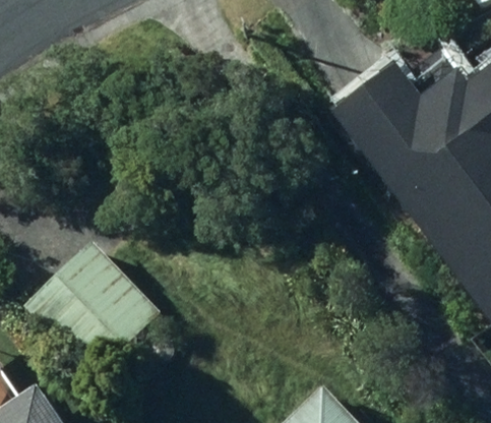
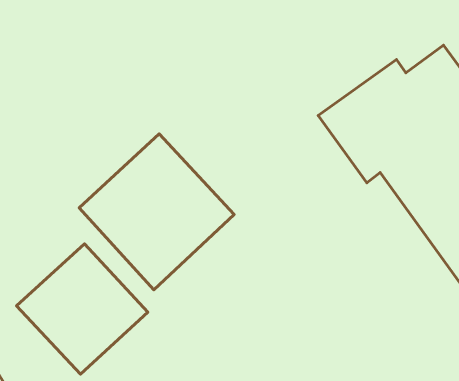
building: none -> [79,134,234,290]

